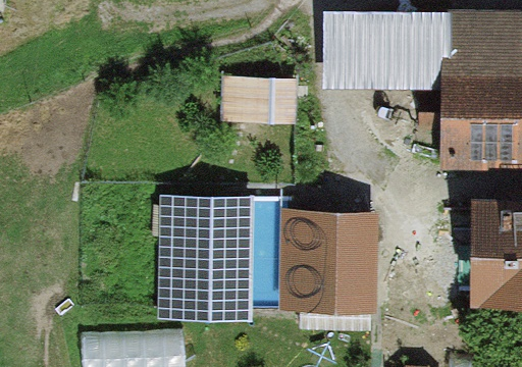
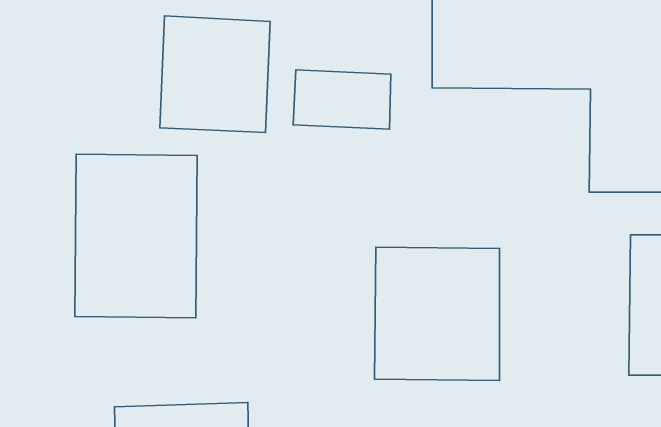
building: none -> [160,16,270,132]
building: [160,197,251,318] -> [75,154,197,318]

